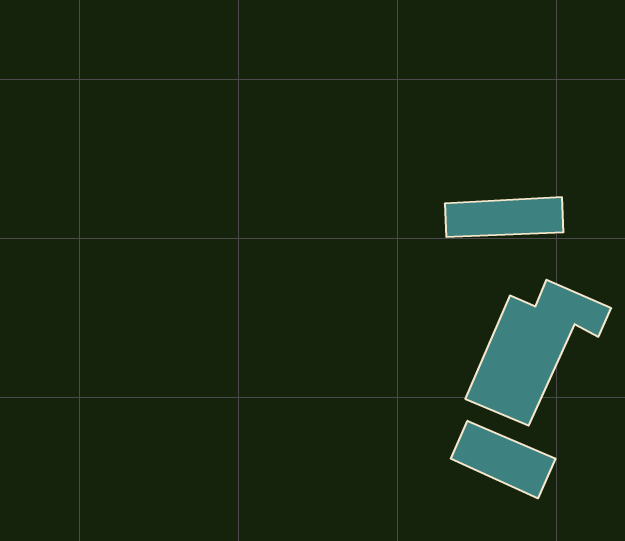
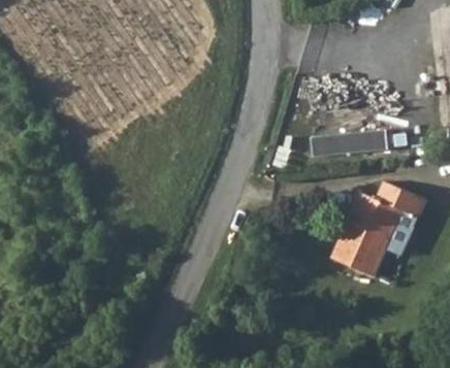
building: [451,421,555,498] -> none

